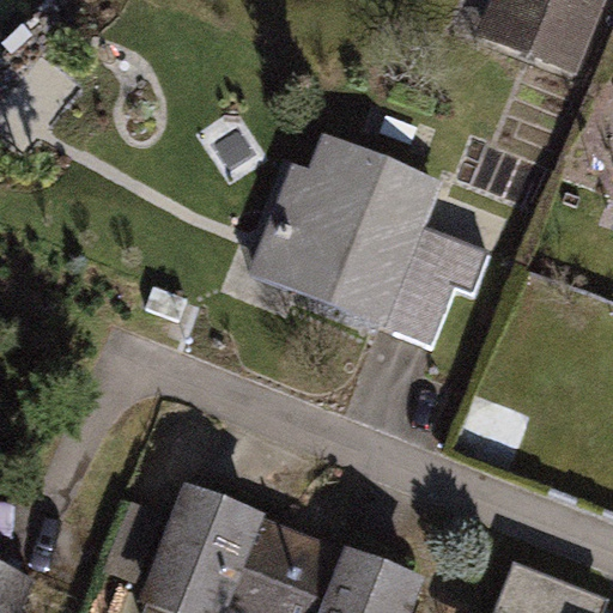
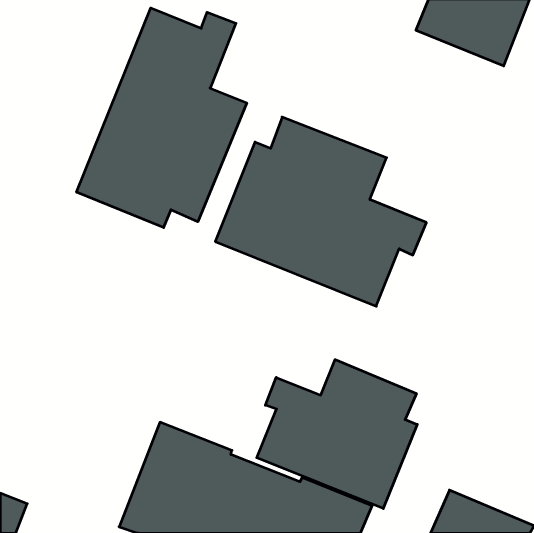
building: none -> [77,8,247,228]
building: none -> [257,360,417,509]

